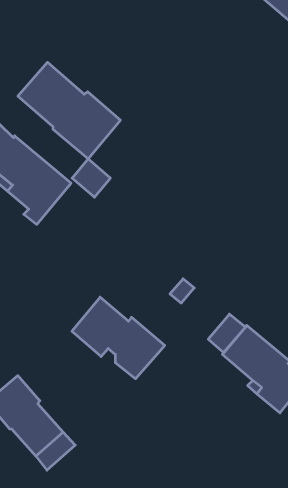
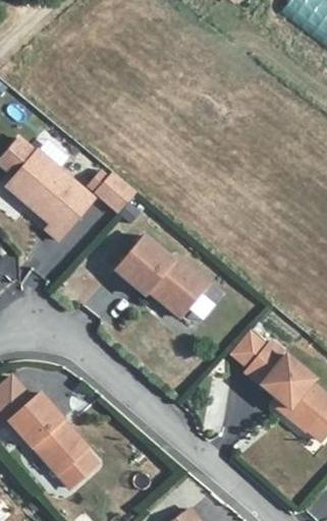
building: [18,62,120,159] -> none
building: [72,297,165,379] -> [116,236,210,319]

